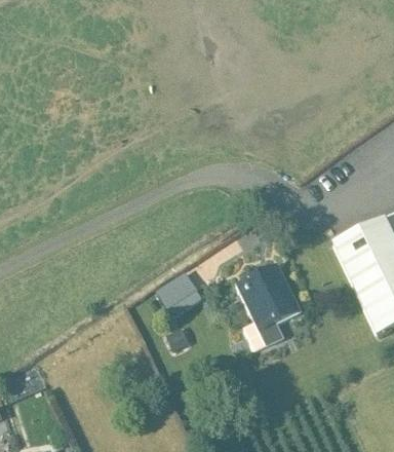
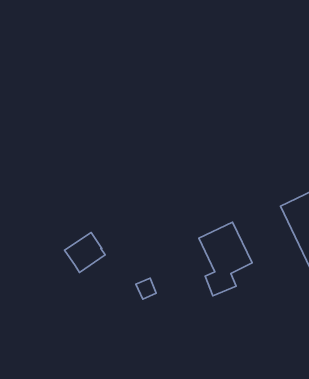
building: [154,271,201,317] -> [64,233,105,272]

